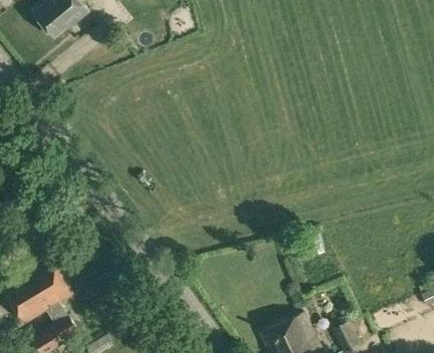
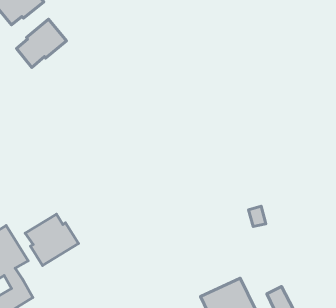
building: none -> [17,19,66,67]
building: none -> [25,214,78,265]

